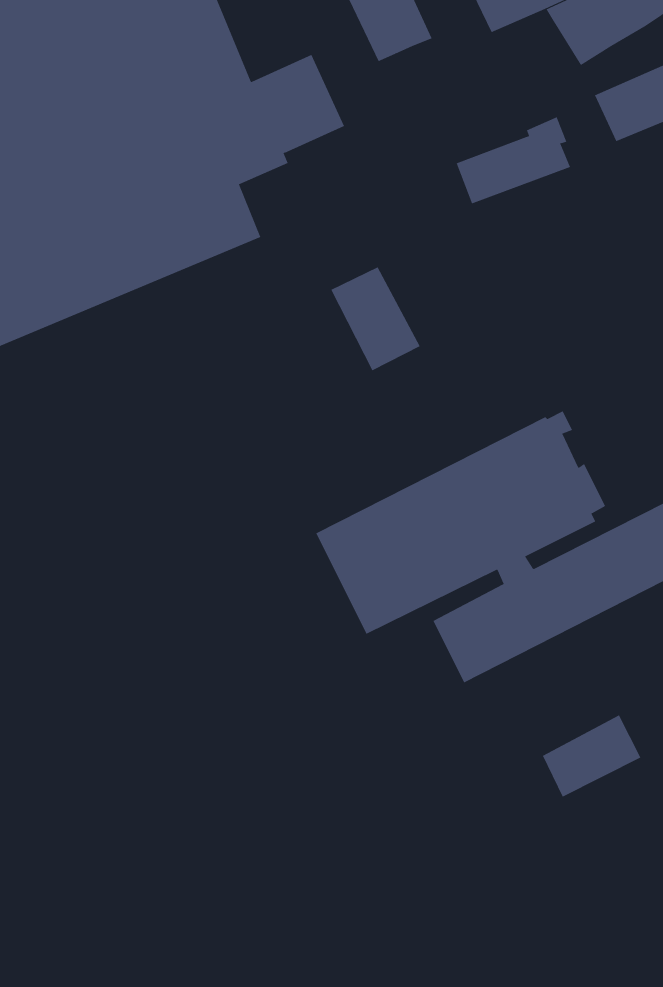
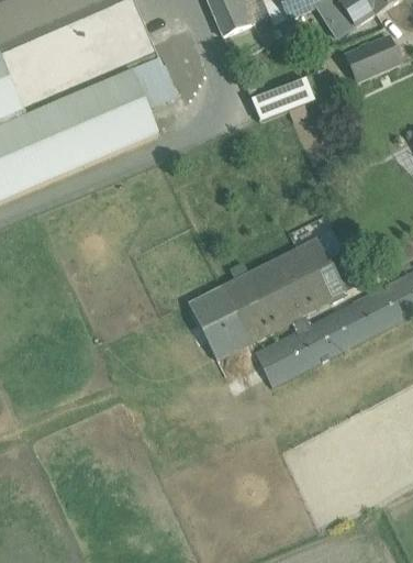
building: [330,266,421,371] -> none
building: [542,714,641,798] -> none

